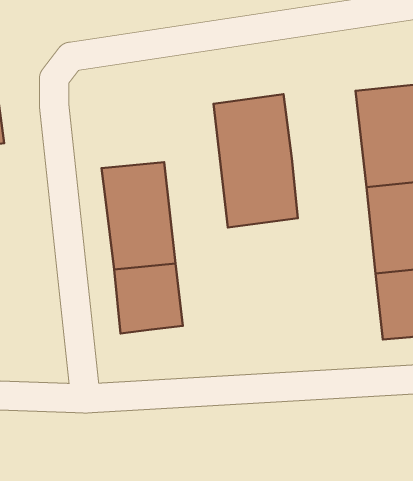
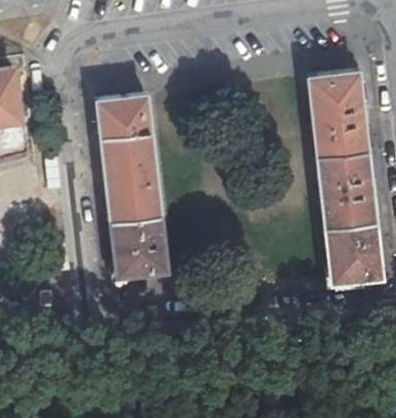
building: [213,94,298,227] -> none
building: none -> [96,99,151,143]

